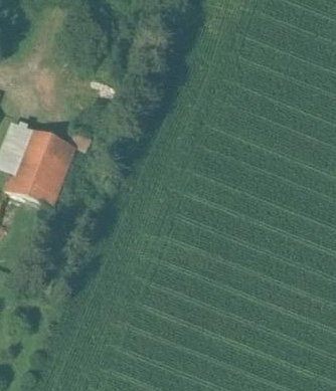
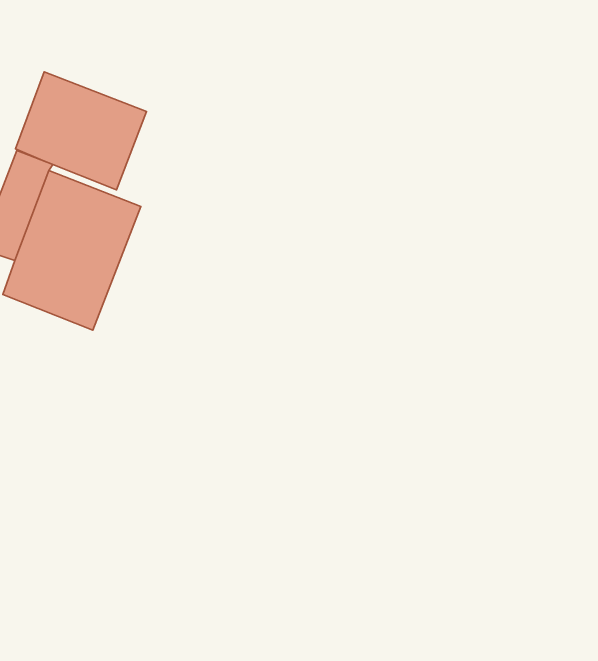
building: none -> [15,72,147,190]

